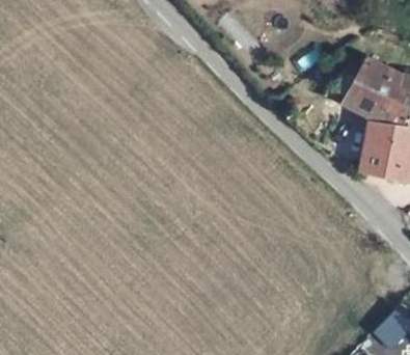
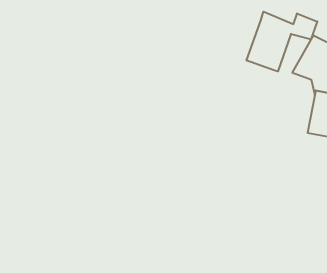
building: none -> [247,12,317,71]

